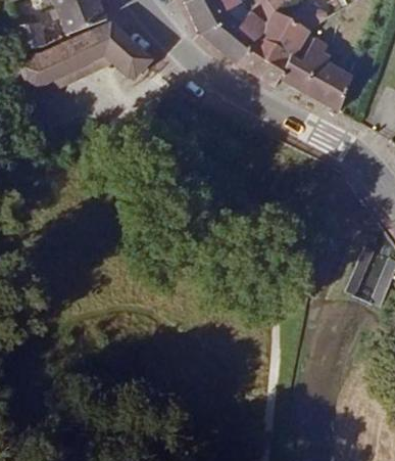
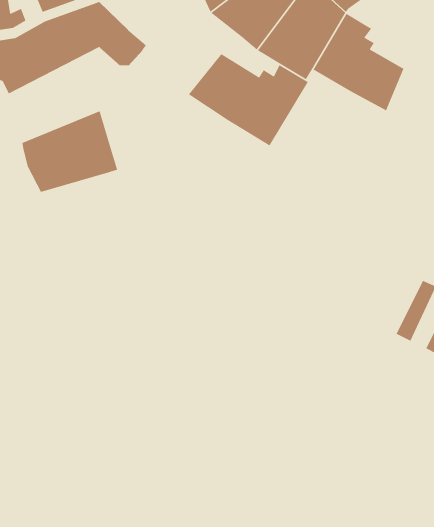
building: none -> [188,53,309,147]
building: none -> [22,110,118,193]

